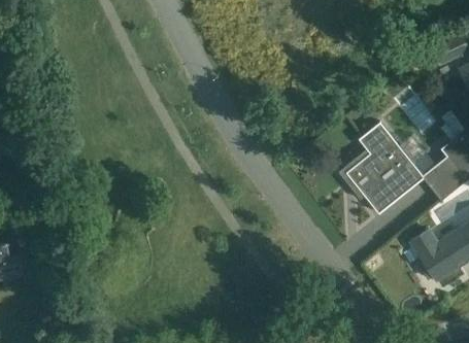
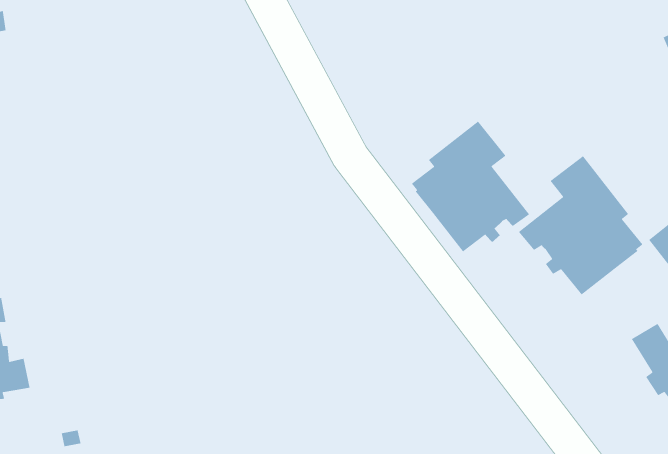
building: none -> [411,120,530,252]

